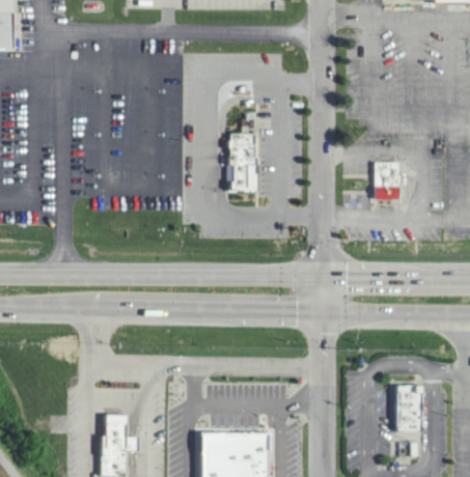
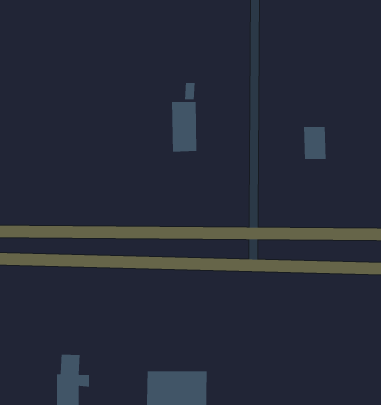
building: [396,385,422,432] -> none

